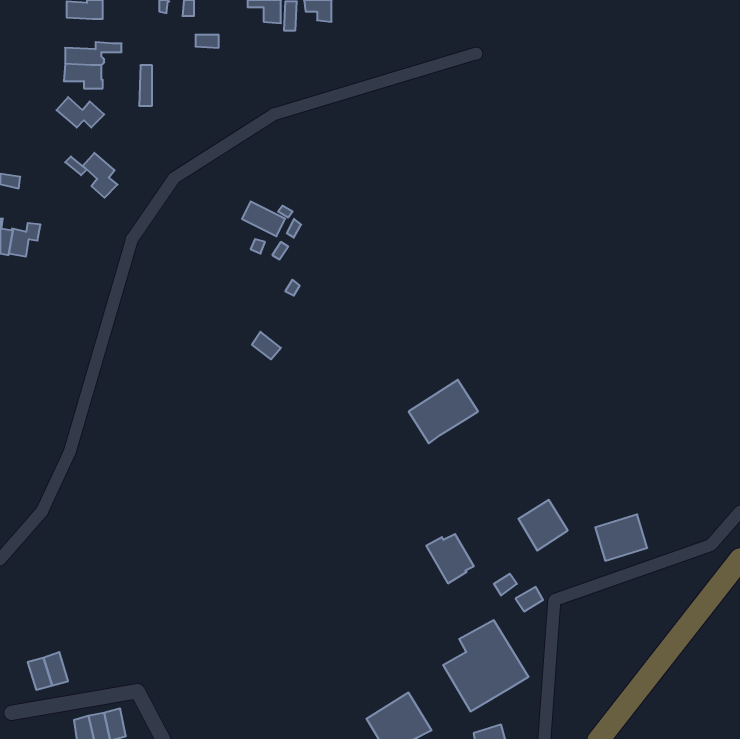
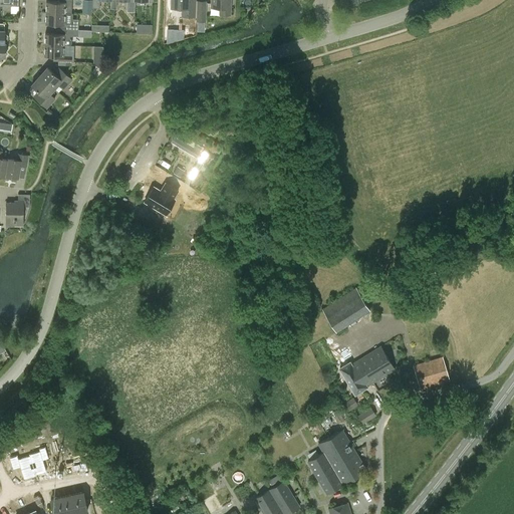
building: none -> [45,13,78,31]
building: [83,153,118,198] -> [31,77,55,108]
building: none -> [145,184,178,216]
building: none -> [6,196,30,225]
building: [409,380,478,443] -> [322,288,370,332]
building: [426,534,474,583] -> [339,360,372,395]

